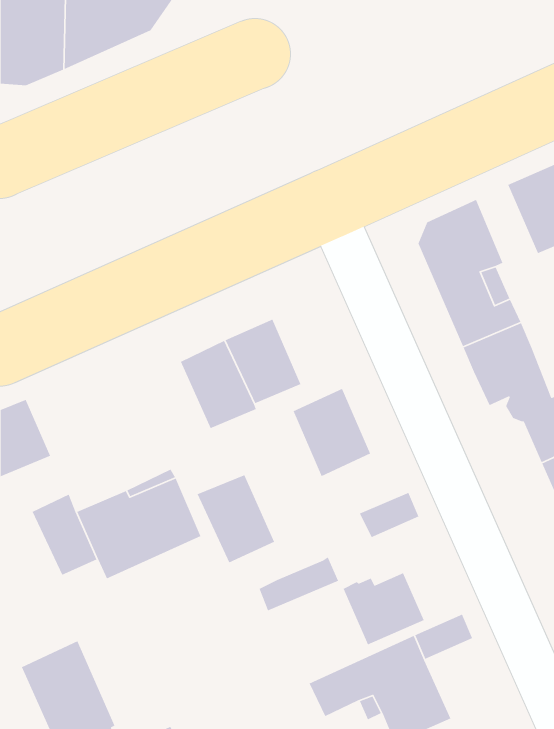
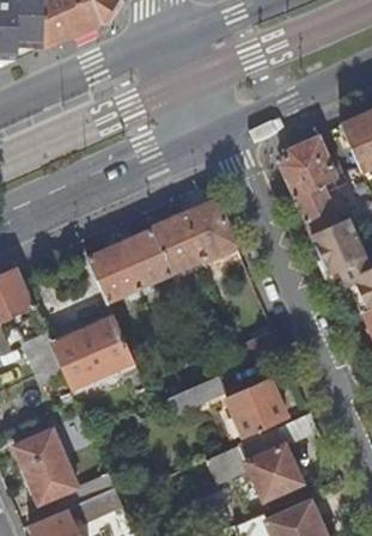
building: [292,388,371,477] -> [183,199,236,258]
building: [197,474,275,564] -> [89,243,141,303]

